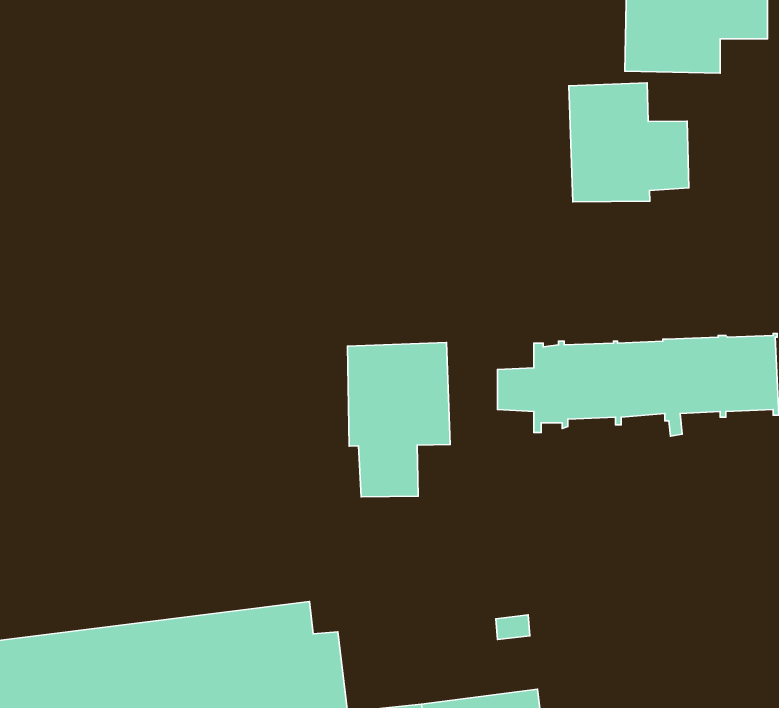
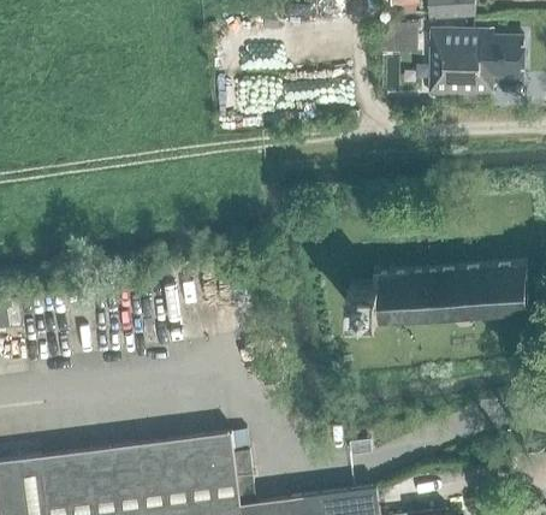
building: [569,83,689,202] -> none
building: [347,343,450,497] -> none

